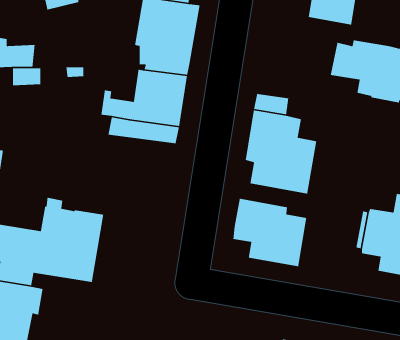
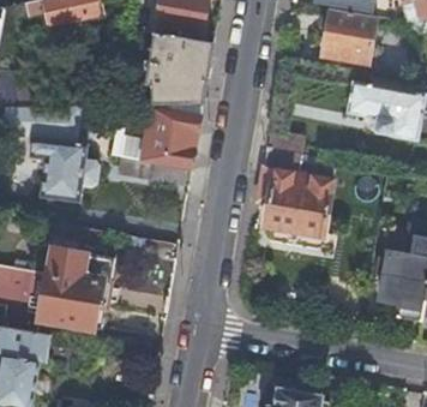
building: none -> [29,137,98,202]
building: [233,198,307,267] -> none

